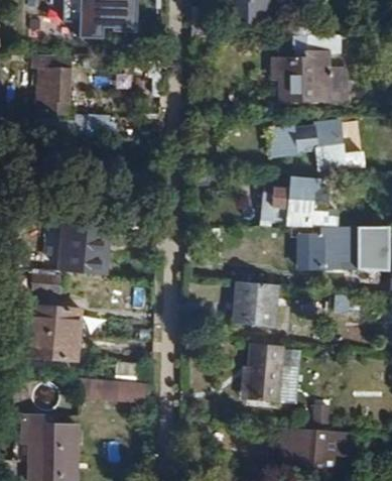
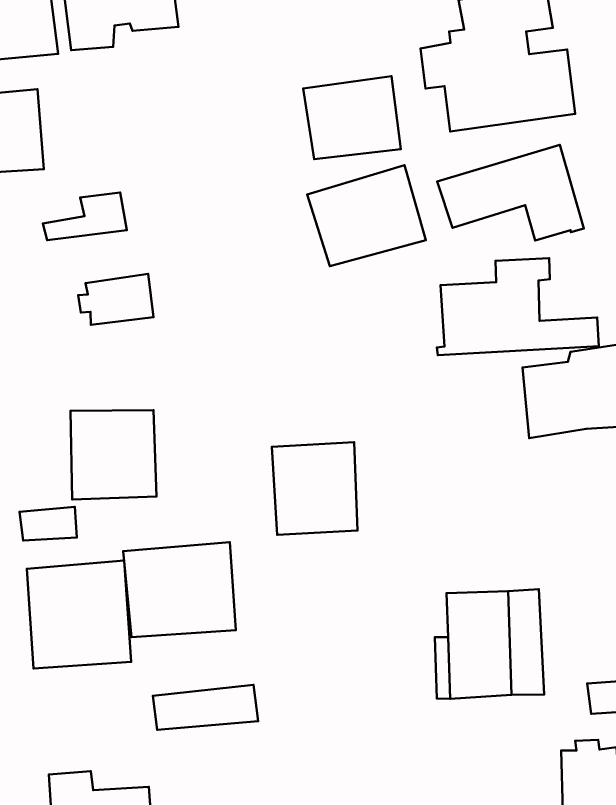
building: none -> [303,76,401,159]
building: none -> [307,165,426,266]
building: none -> [78,274,153,325]
building: [234,283,280,333] -> [272,442,358,535]
building: none -> [123,542,236,637]

